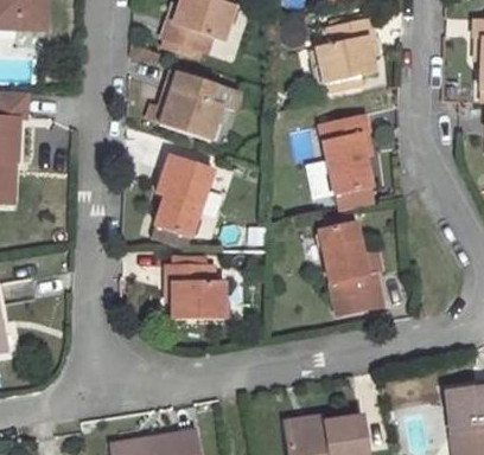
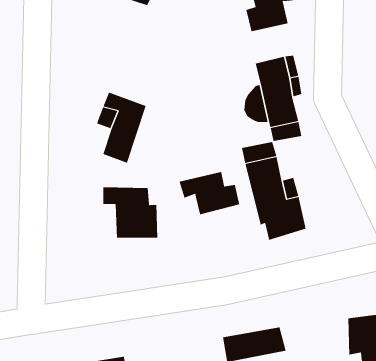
building: [167,69,243,134] -> none
building: none -> [179,171,240,215]

